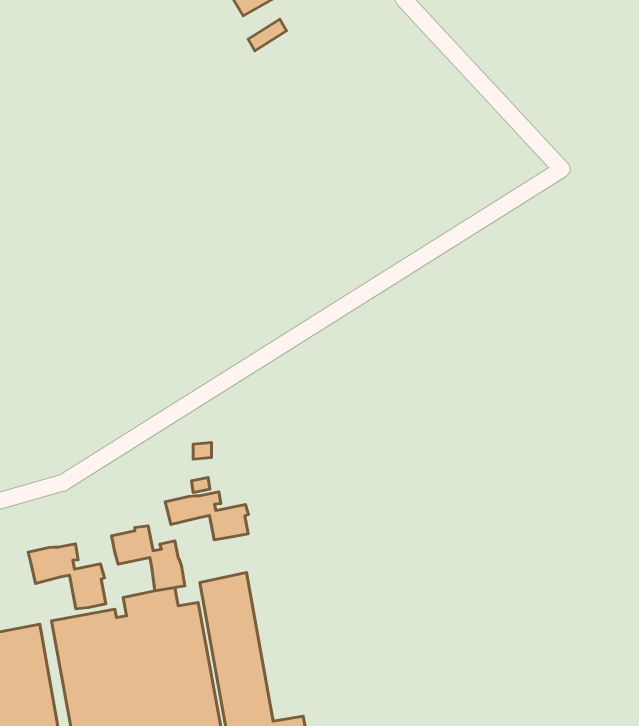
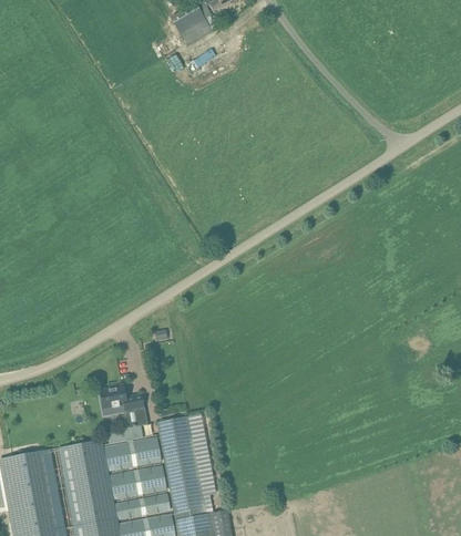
building: [165,492,249,540] -> none
building: [28,544,106,609] -> none

